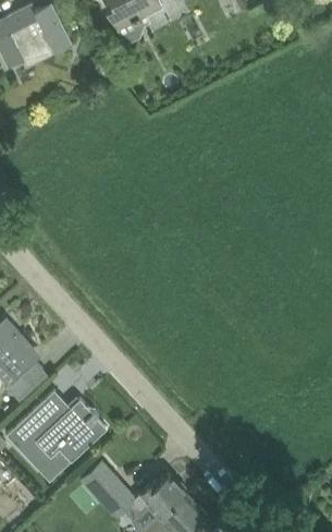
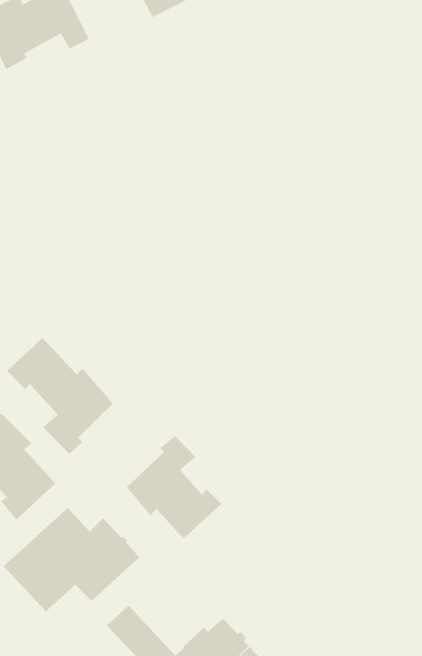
building: none -> [6,337,114,455]
building: none -> [126,435,222,539]

